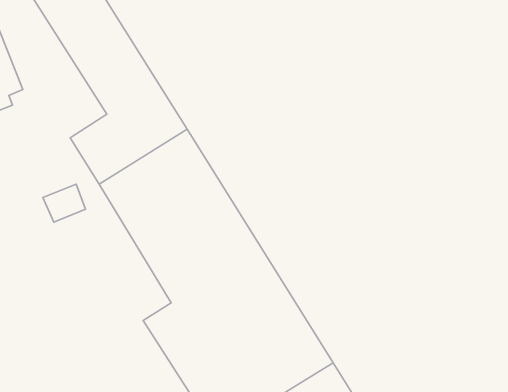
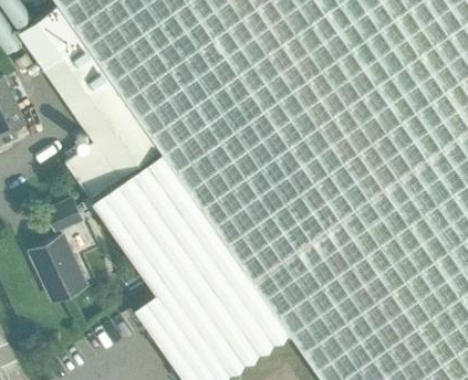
building: none -> [29,235,85,300]

